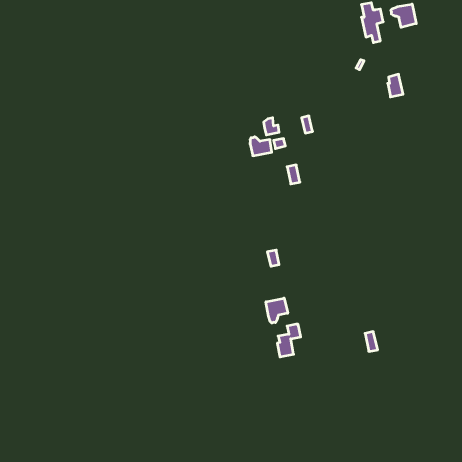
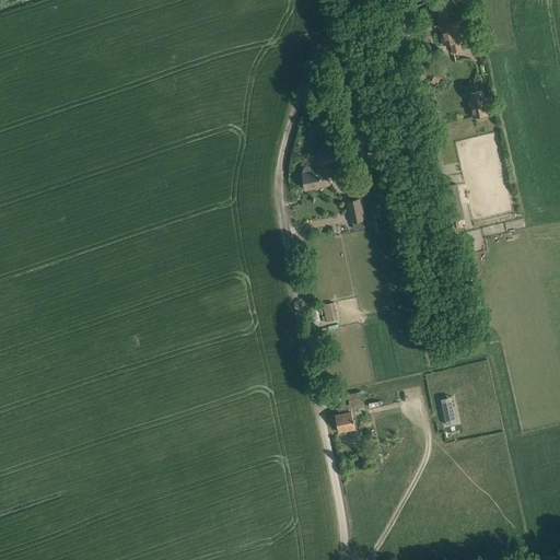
building: [391,4,416,27] -> none
building: [266,298,288,323] -> none

